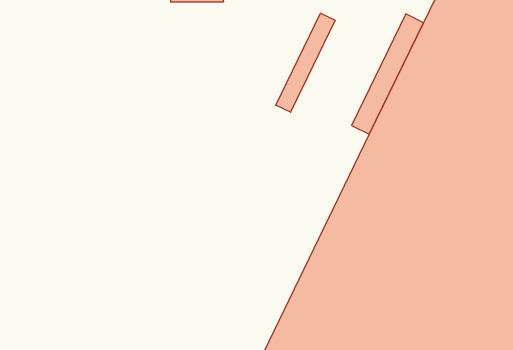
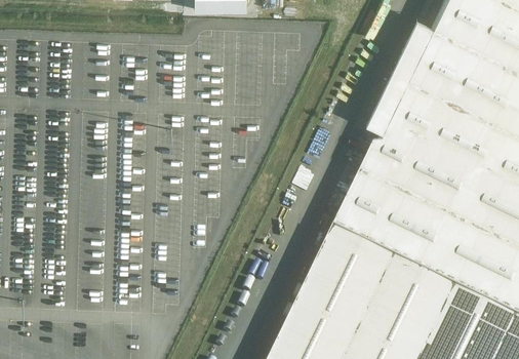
building: [276,13,335,112] -> none

